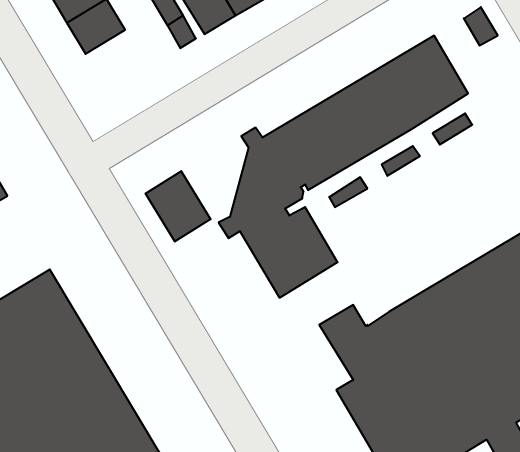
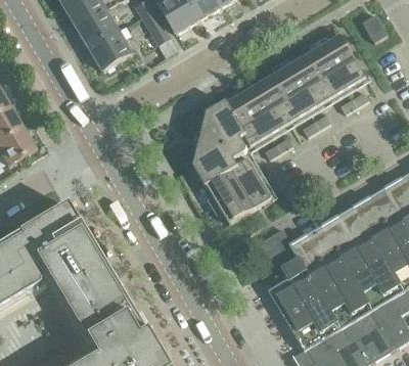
building: none -> [90,26,132,70]
building: [146,171,211,242] -> none

